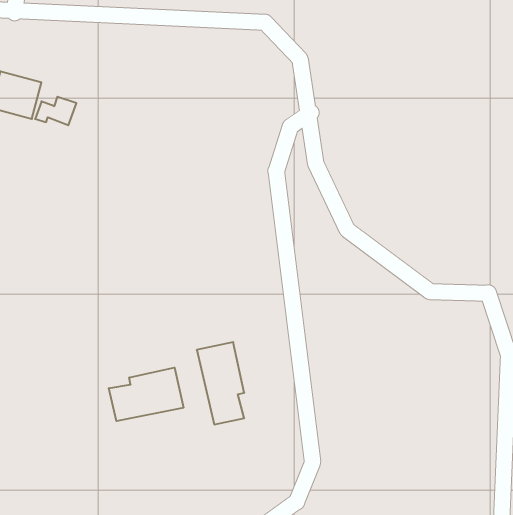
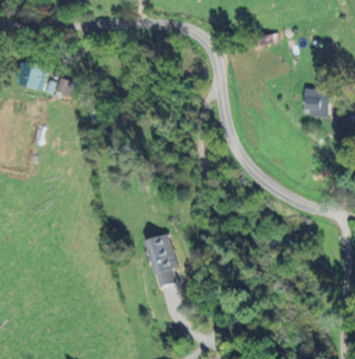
building: none -> [304,89,330,116]
building: [109,368,183,421] -> none

